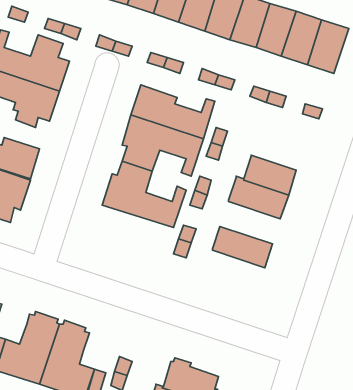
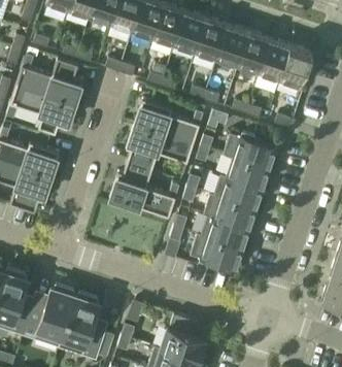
building: none -> [223,134,277,170]
building: none -> [203,194,256,231]
building: none -> [190,234,244,271]

